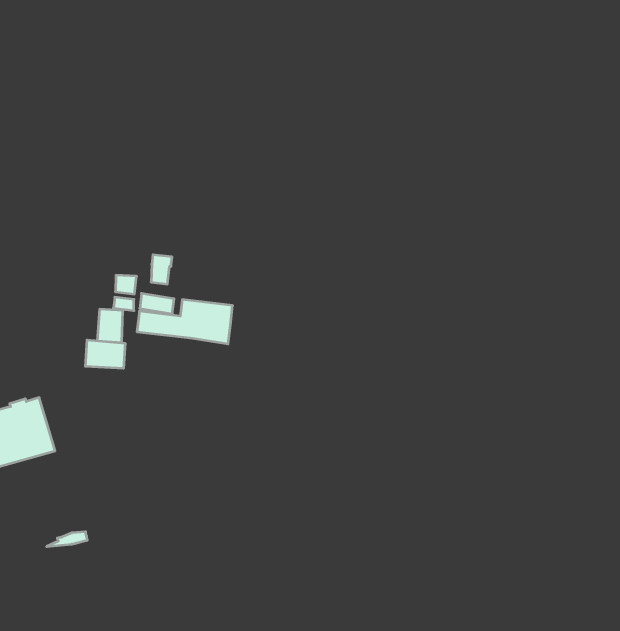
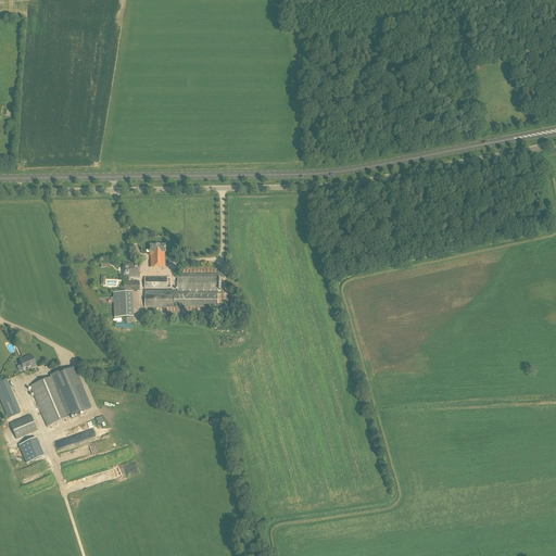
building: [85,340,125,368] -> none

